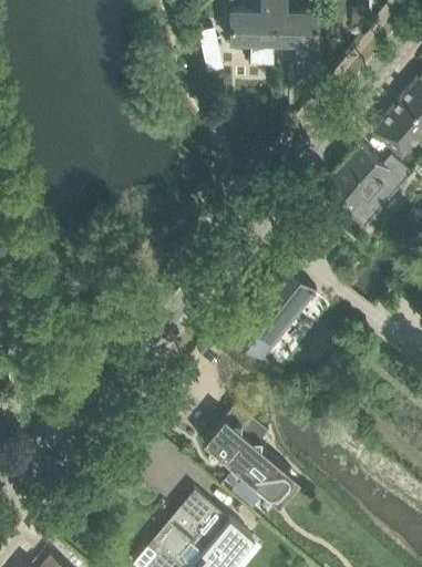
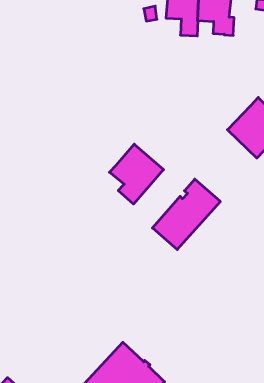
building: none -> [109,144,164,204]
building: [203,404,299,507] -> none

